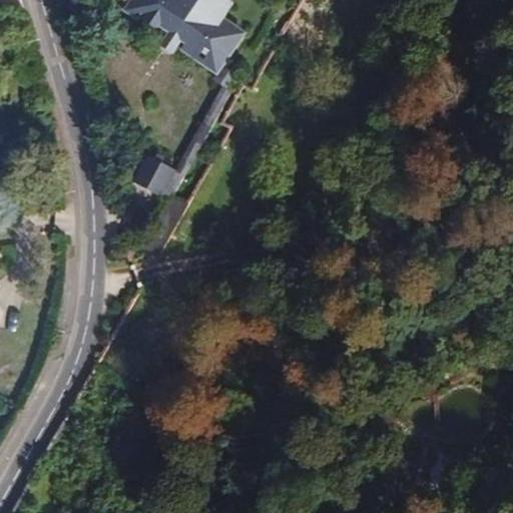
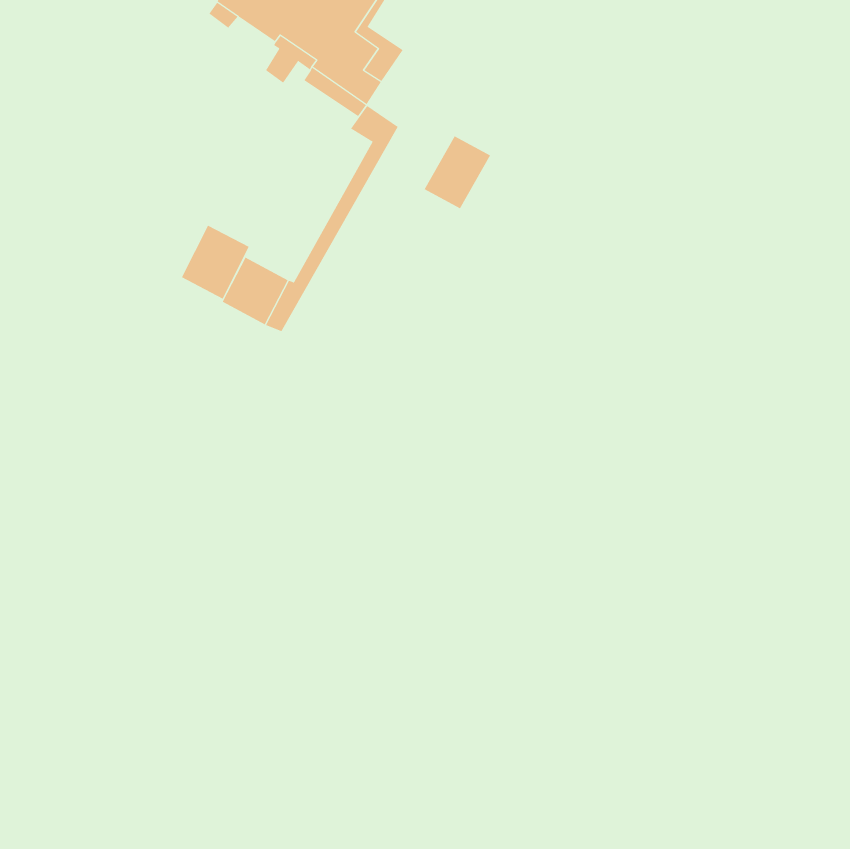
building: none -> [424,135,491,209]
building: none -> [181,225,250,299]

